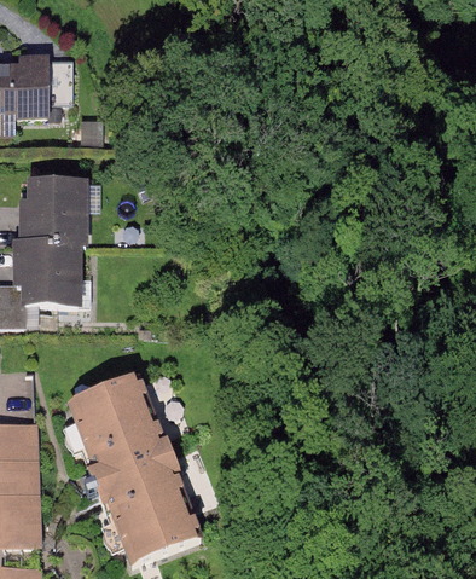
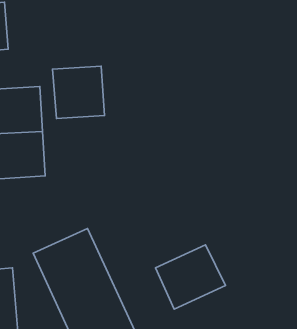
building: none -> [52,66,104,119]
building: none -> [155,245,226,309]

